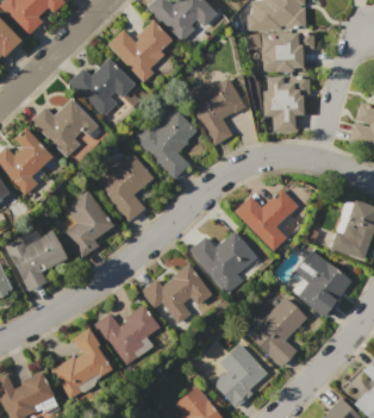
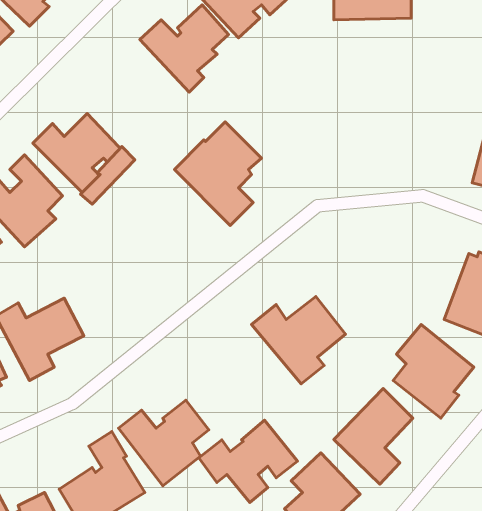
building: [264,32,317,71] -> none
building: [69,57,136,116] -> none
building: [264,75,311,129] -> none
building: [185,77,247,145] -> none
building: [93,154,155,222] -> none
building: [236,187,299,250] -> none
building: [64,188,114,257] -> none
building: [142,263,213,323] -> [199,420,298,502]

